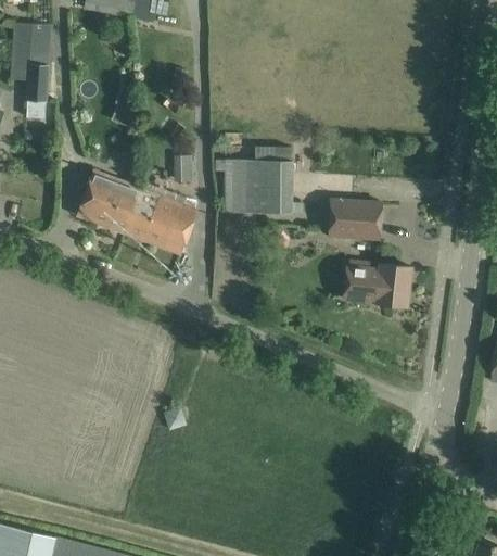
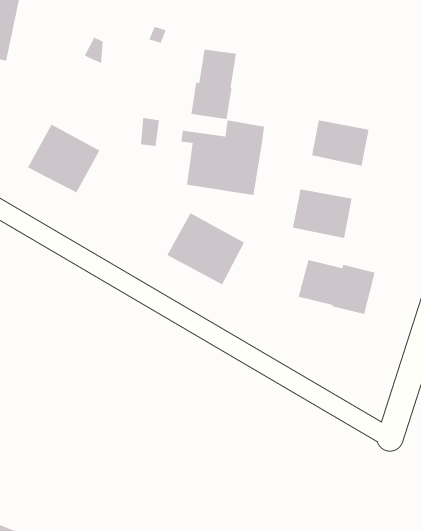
building: none -> [191,49,236,120]
building: none -> [311,120,369,167]
building: [126,190,196,253] -> [166,212,245,285]

